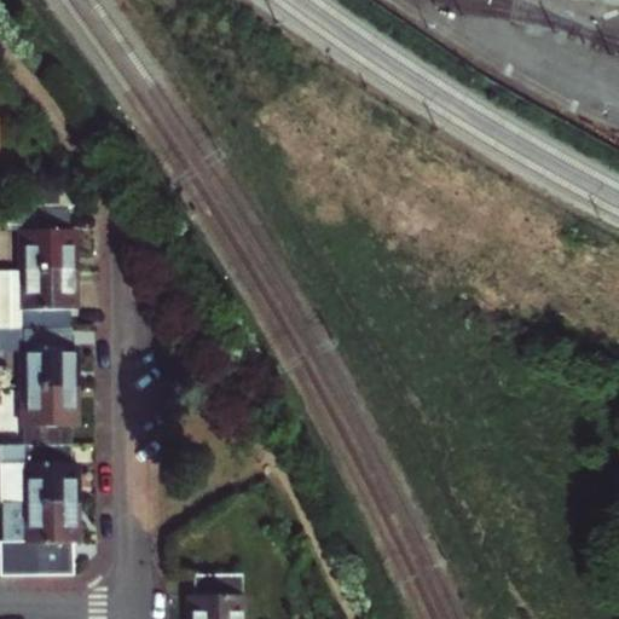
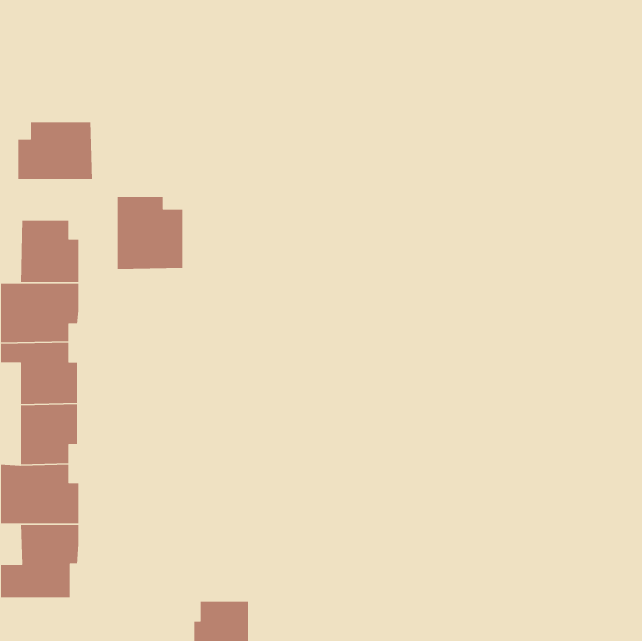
building: none -> [17,121,93,180]
building: none -> [117,196,183,270]

